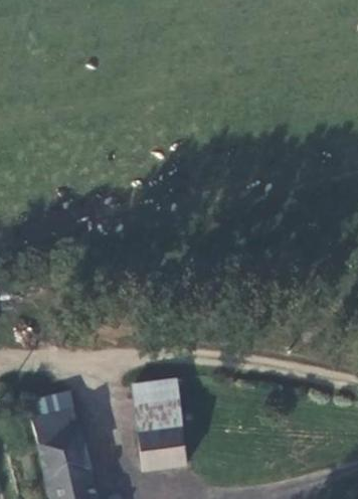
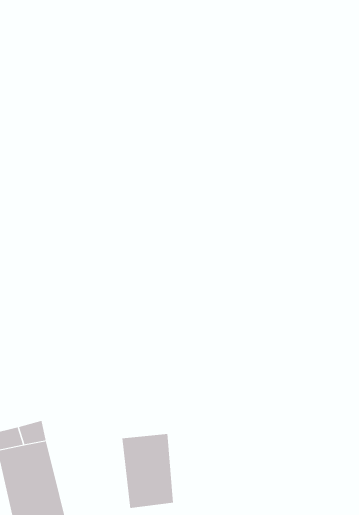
building: [137,380,181,408] -> none

